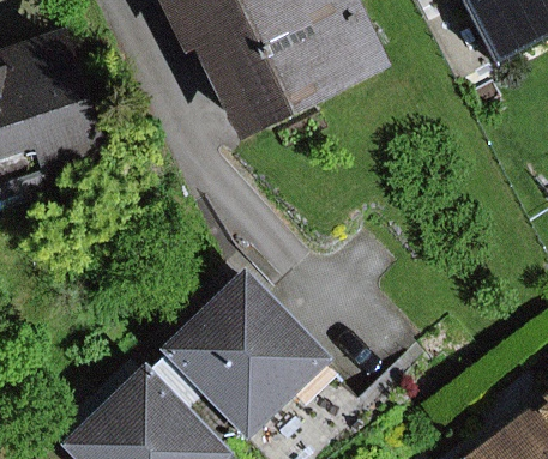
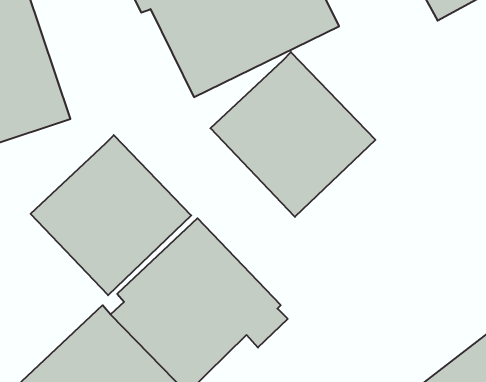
building: none -> [210,52,375,217]
building: none -> [31,135,191,295]

